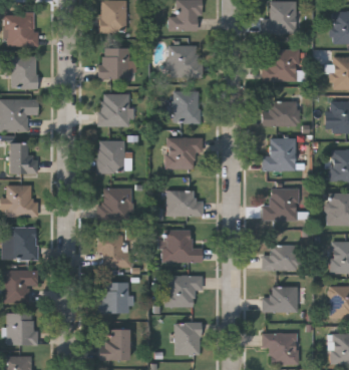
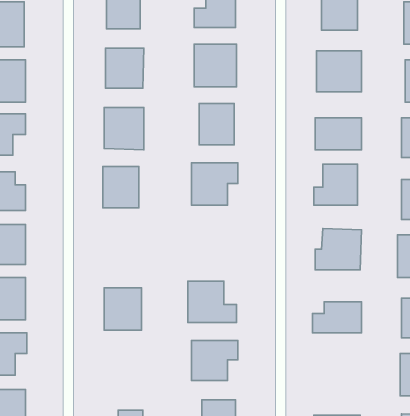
building: [100,188,131,221] -> none
building: [167,191,203,217] -> none
building: [98,283,128,314] -> none
building: [262,287,297,312] -> none

